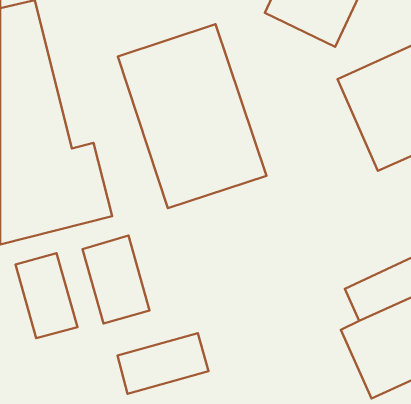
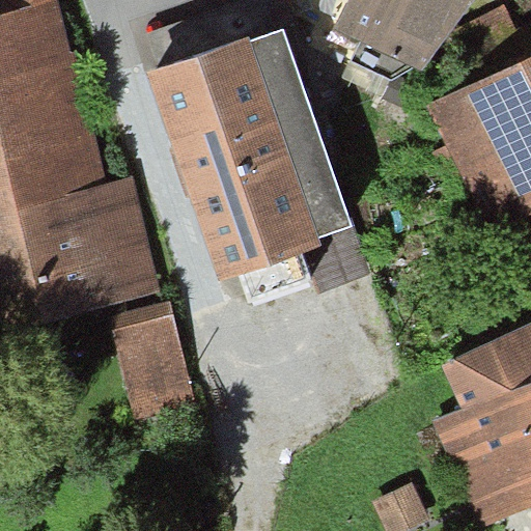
building: [16,253,77,338] -> none
building: [118,333,209,394] -> none

